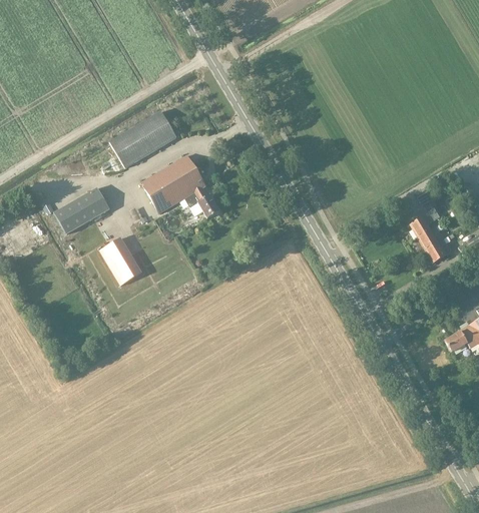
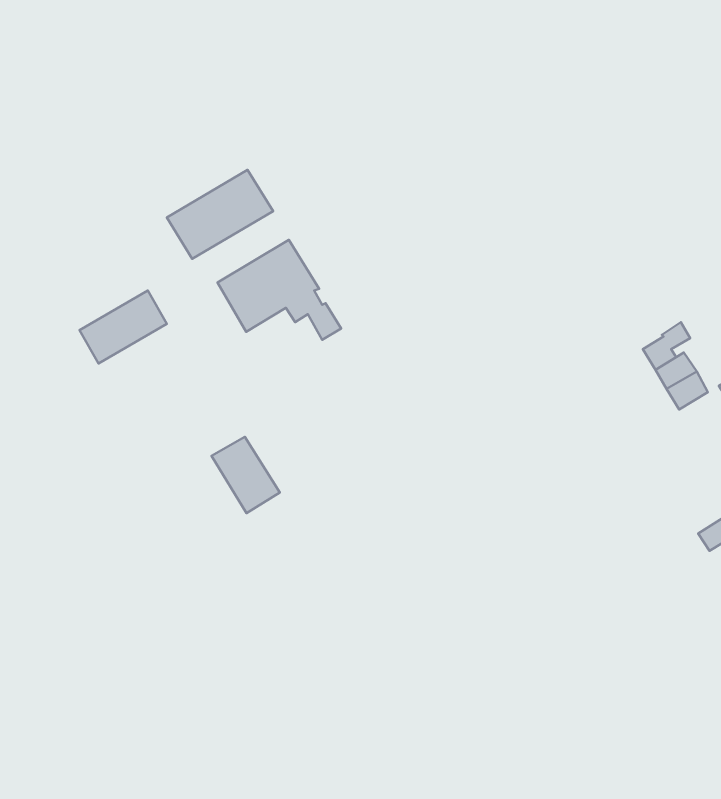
building: [99,237,142,286] -> [212,437,280,513]

